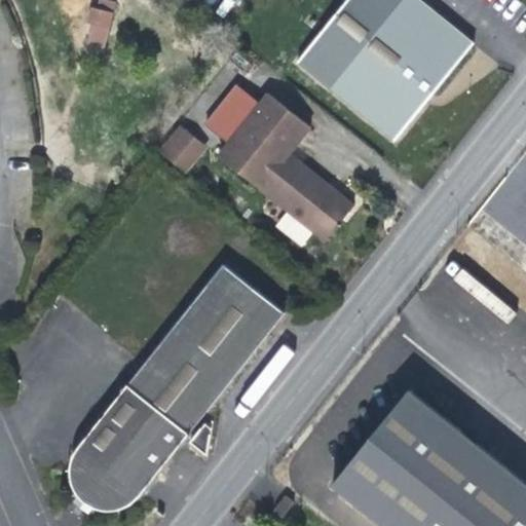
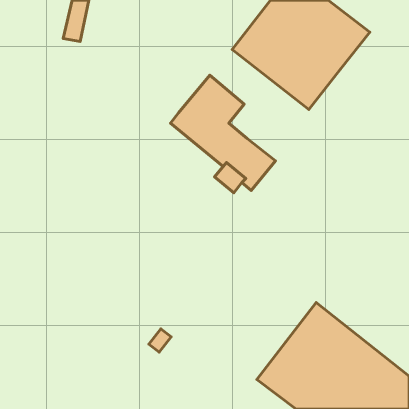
building: [205,88,261,145] -> none
building: [163,132,204,172] -> none
building: [73,257,289,501] -> none

